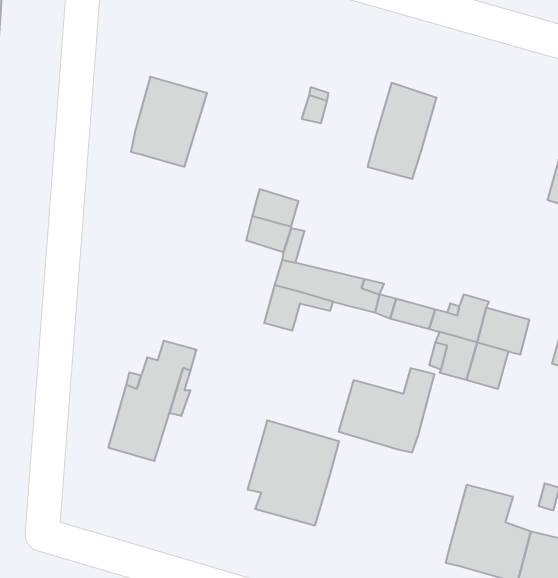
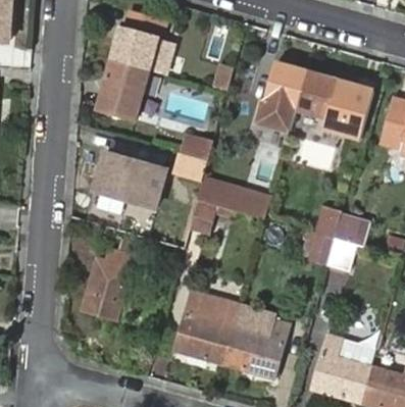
building: none -> [112,11,174,73]
building: none -> [297,72,358,134]
building: none -> [94,152,167,208]
building: [339,368,435,452] -> [224,320,290,377]

